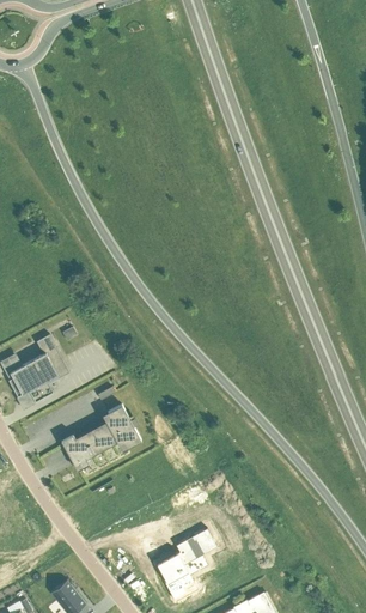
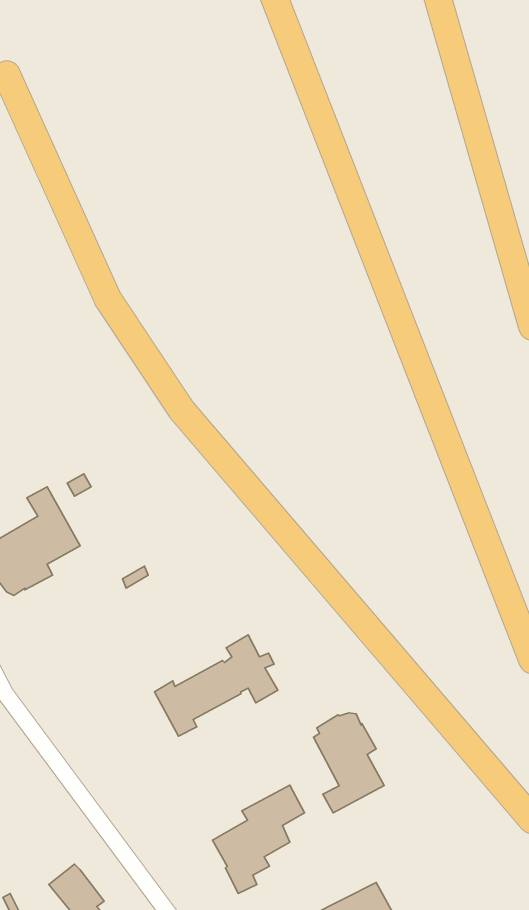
building: [60,403,140,469] -> [155,635,278,736]
building: none -> [313,713,384,813]

